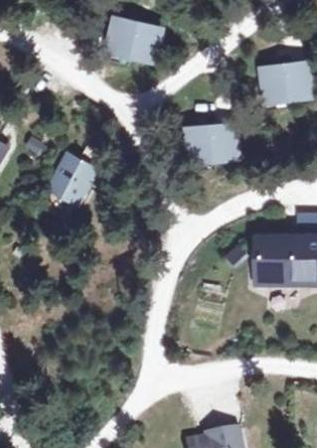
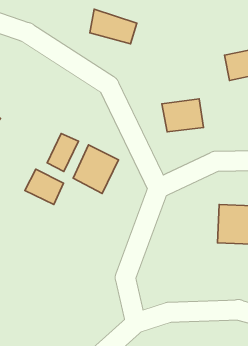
building: none -> [73,145,118,194]
building: none -> [25,169,64,205]

